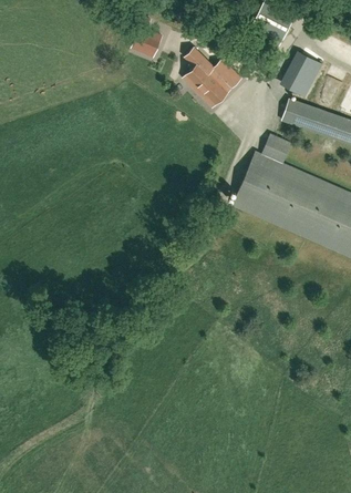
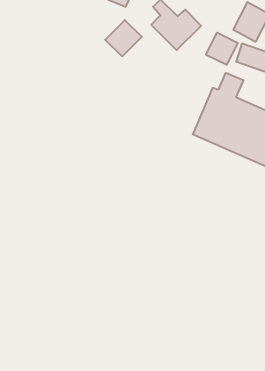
building: none -> [105,20,142,56]
building: none -> [206,33,238,65]

